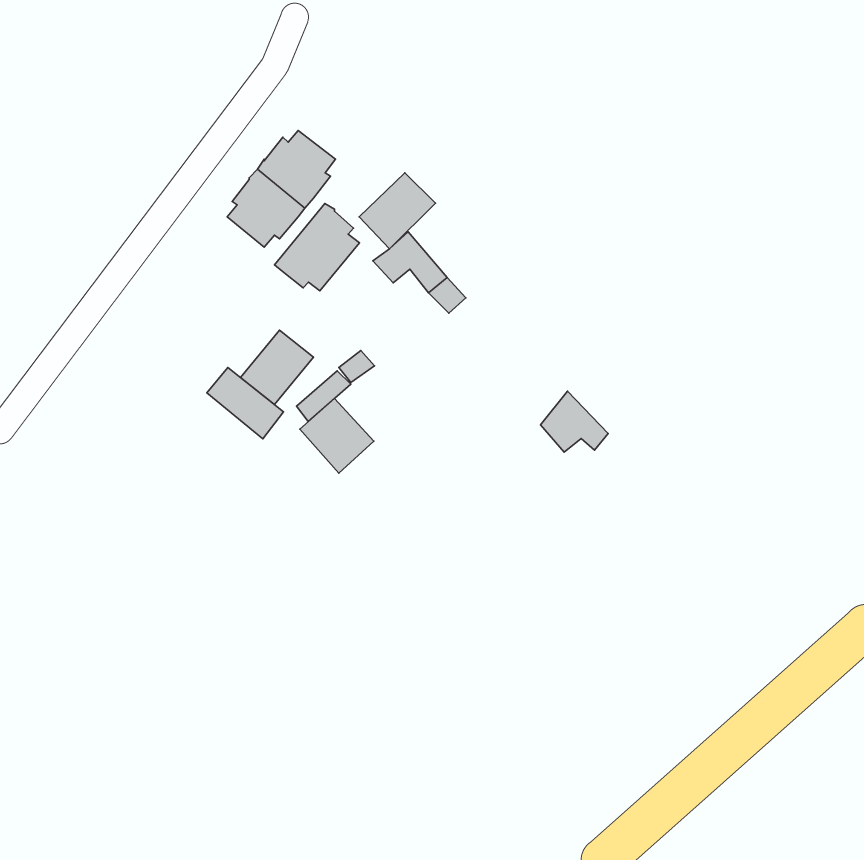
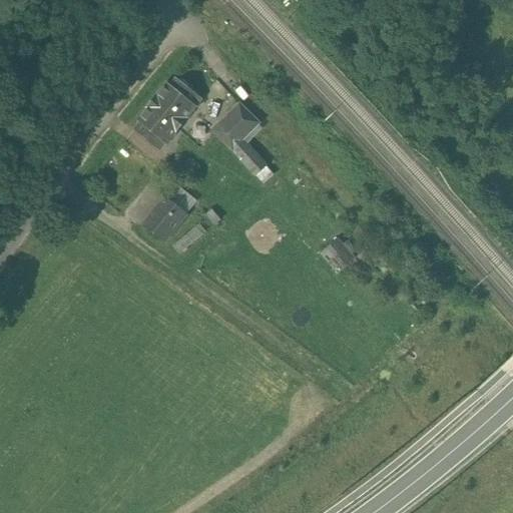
building: [275,203,360,291] -> none
building: [207,367,283,439] -> none
building: [300,399,374,473] -> none

